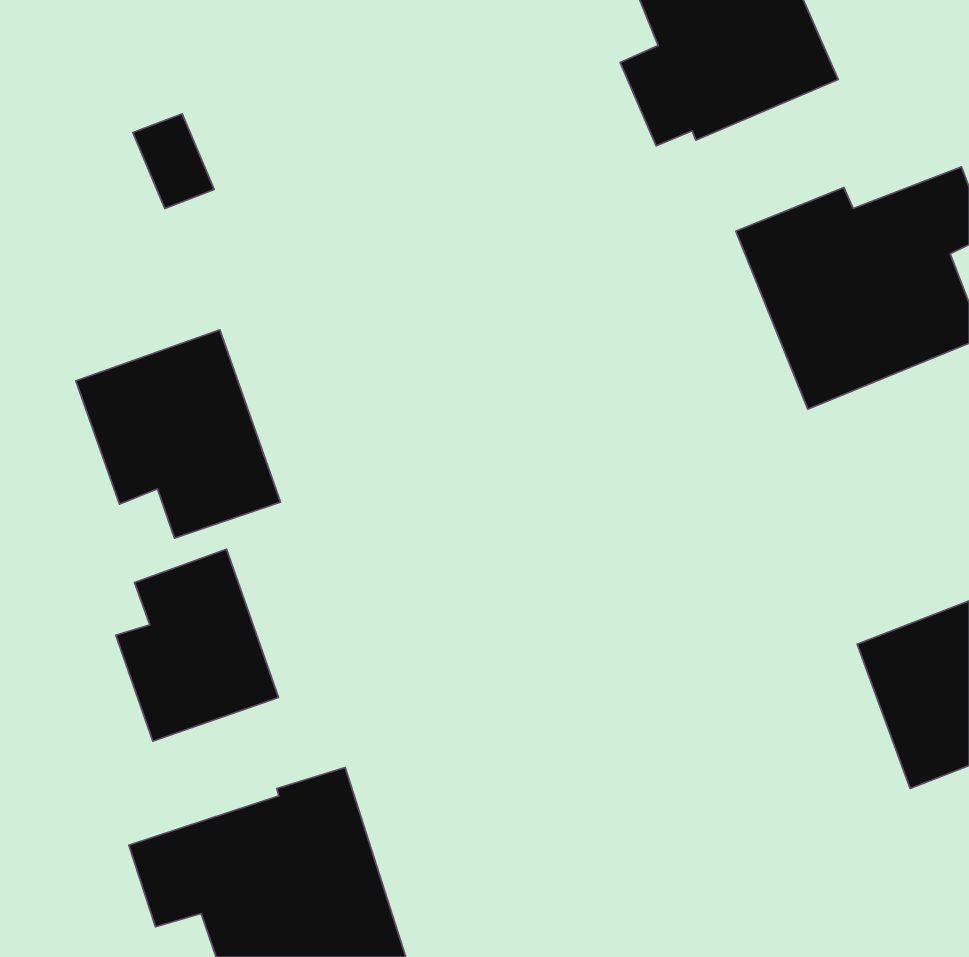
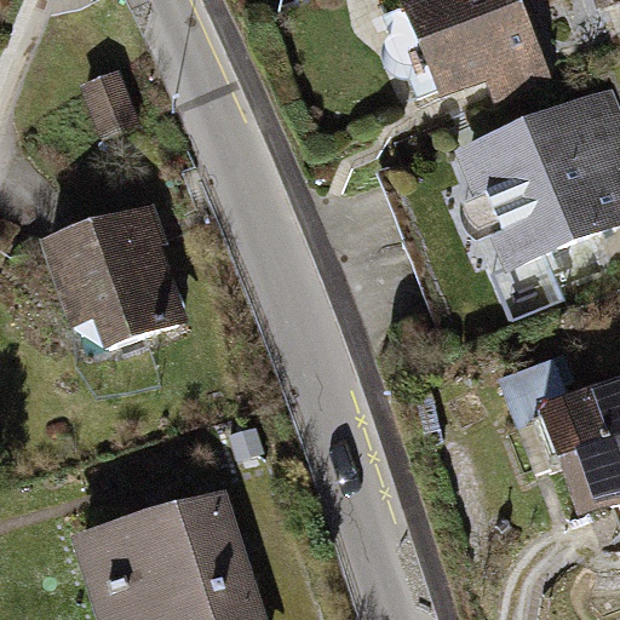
building: [116,549,279,741] -> none

